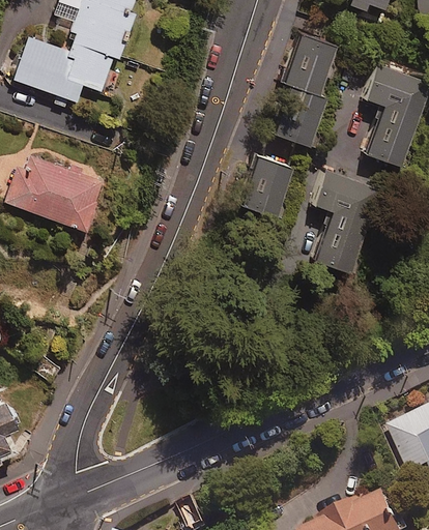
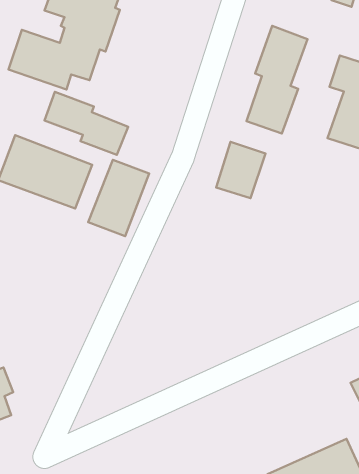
building: none -> [44,92,128,155]
building: [310,170,379,274] -> none
building: none -> [88,160,149,236]

